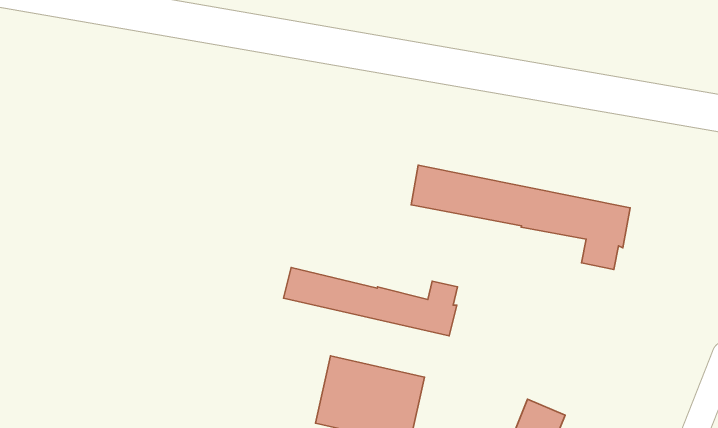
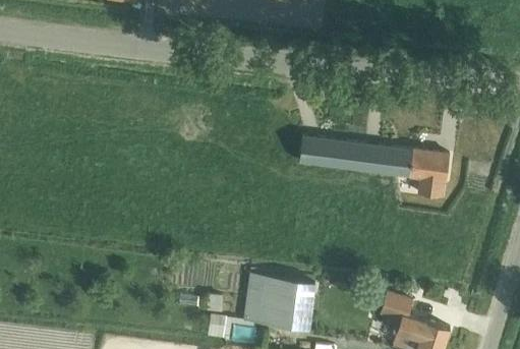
building: [284,267,458,336] -> none

